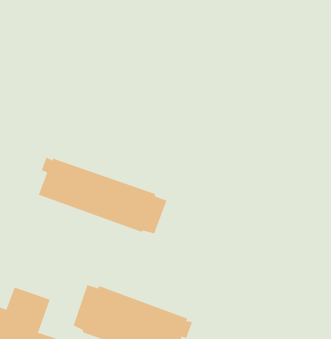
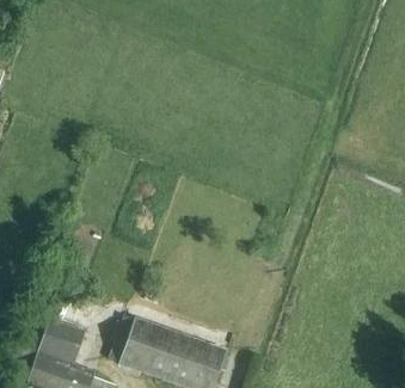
building: [38,157,167,234] -> none

